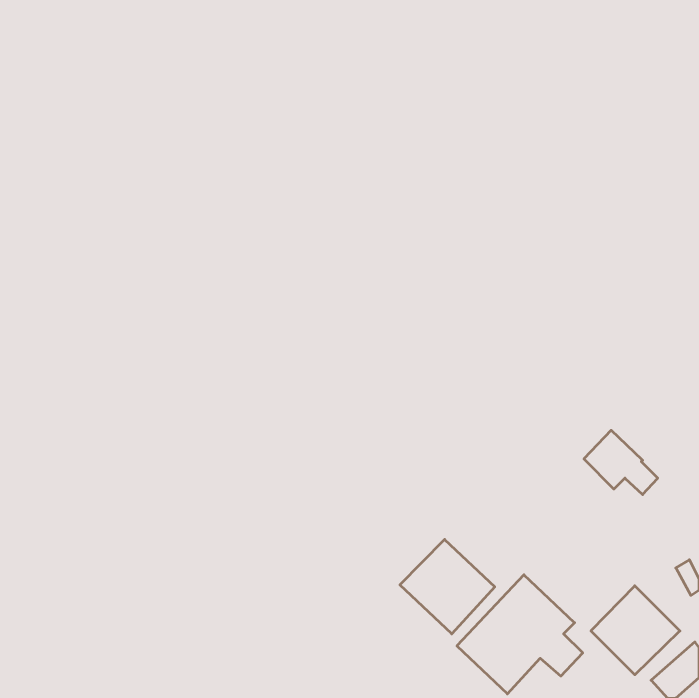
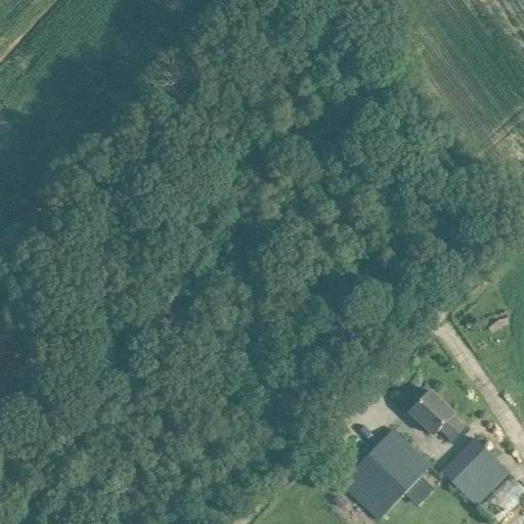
building: [584,430,658,495] -> [409,390,465,438]
building: [400,539,495,634] -> none

